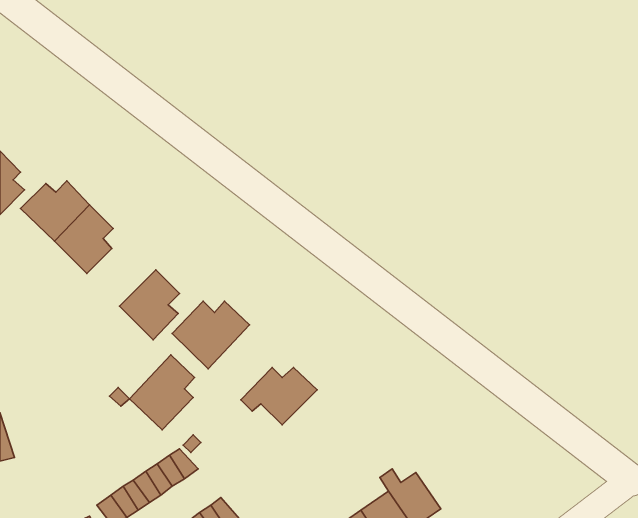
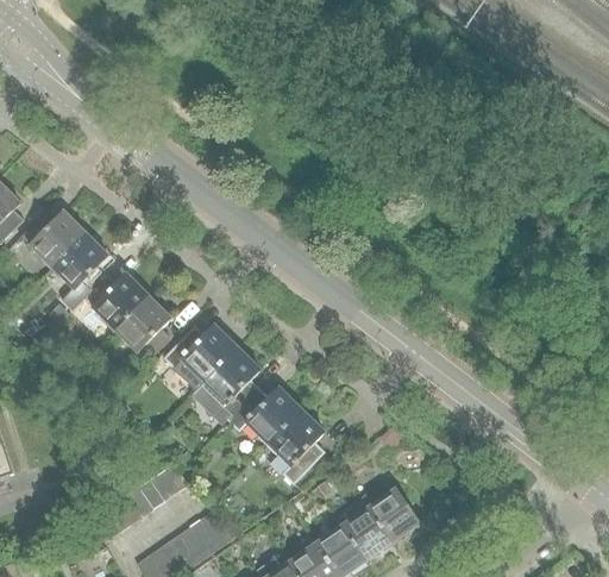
building: none -> [83,275,149,331]
building: [130,355,195,430] -> [199,349,260,420]
building: none -> [269,410,325,483]

